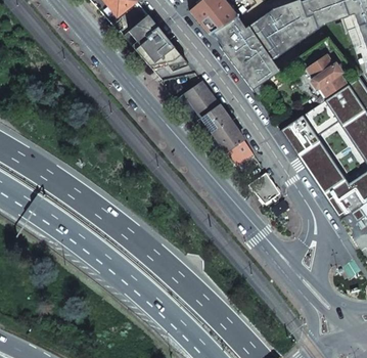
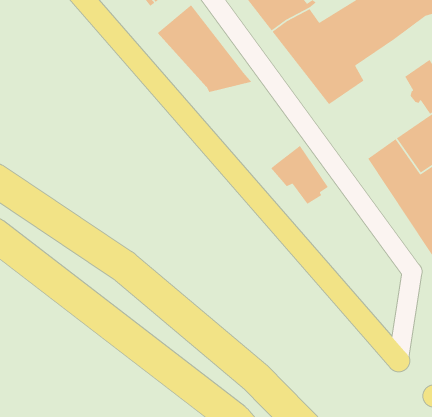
building: [177,81,231,133] -> none
building: [249,173,281,205] -> none

